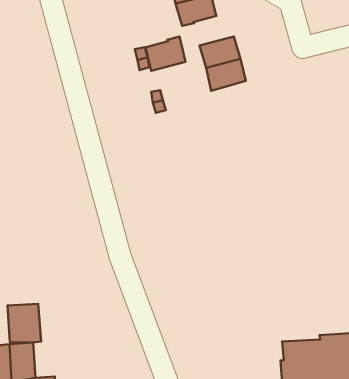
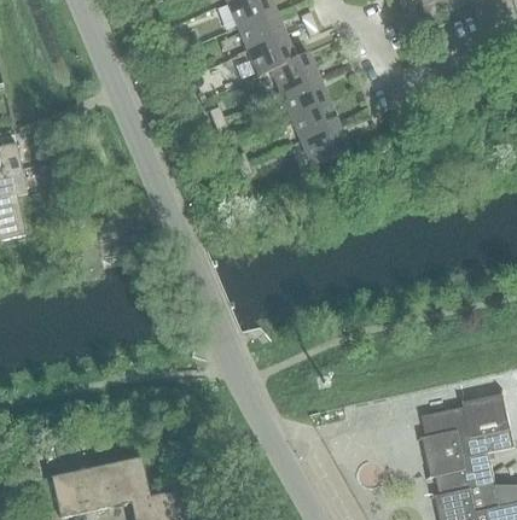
building: [145,36,186,71] -> [269,51,318,94]
building: none -> [301,127,350,168]
building: [7,304,41,342] -> none

